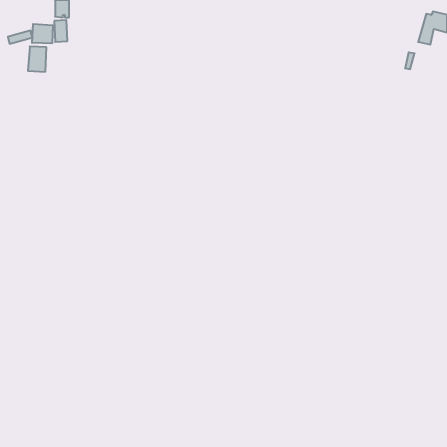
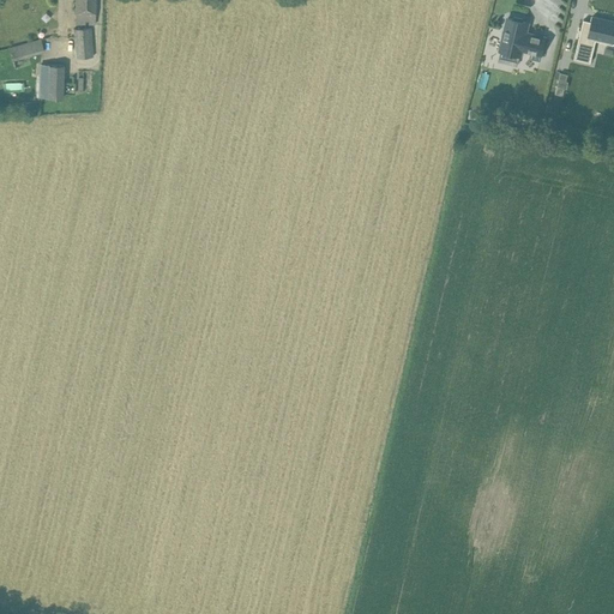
building: none -> [500,17,546,60]
building: [32,24,53,43] -> none

